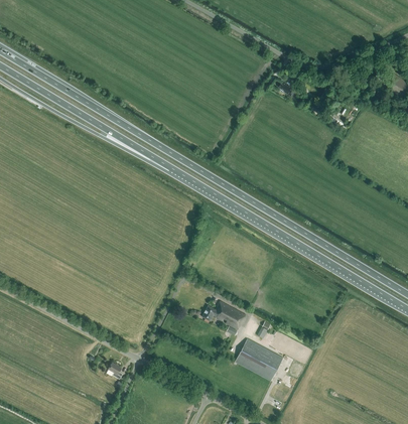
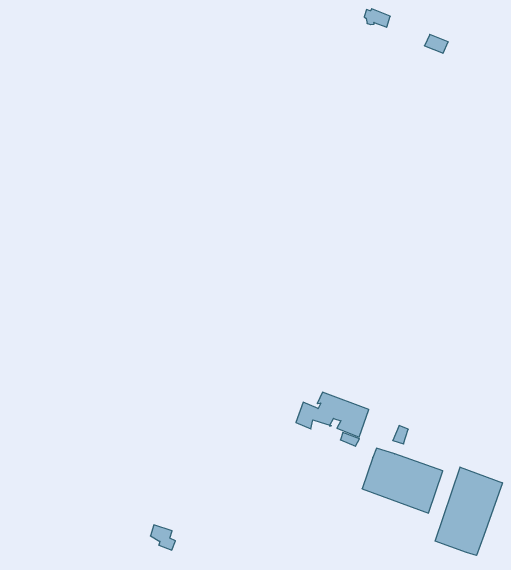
building: none -> [435,467,502,555]

